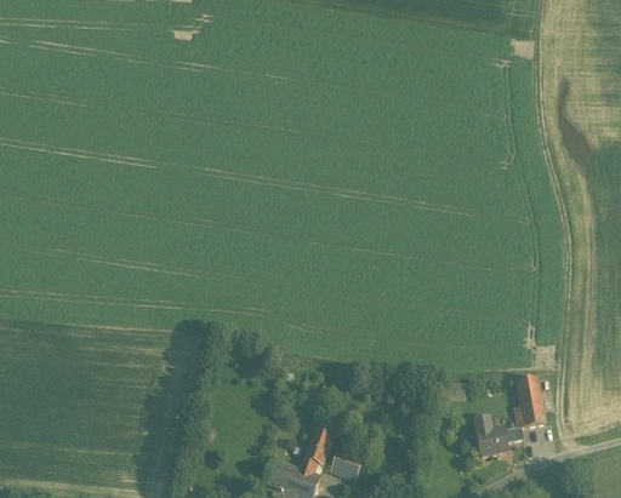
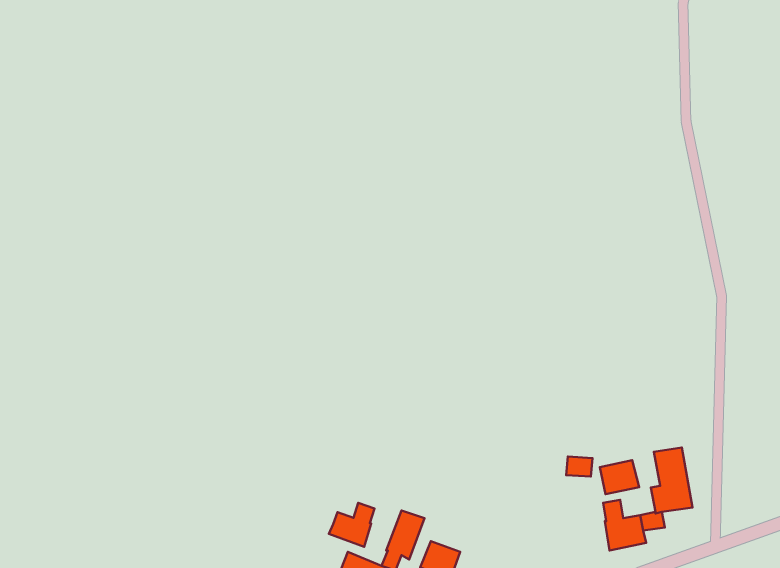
building: none -> [600,460,639,494]
building: none -> [329,503,374,547]

